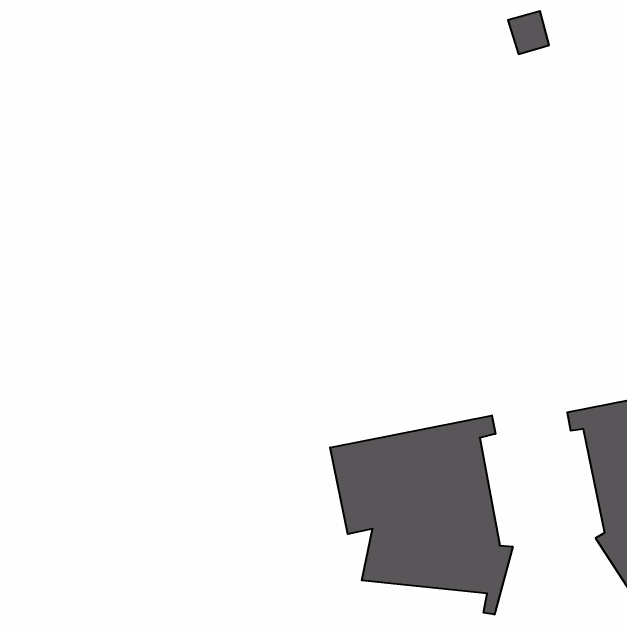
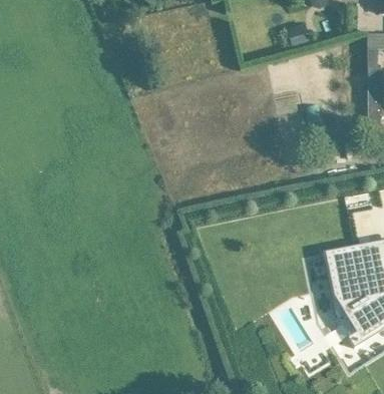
building: [330,415,513,615] -> none

